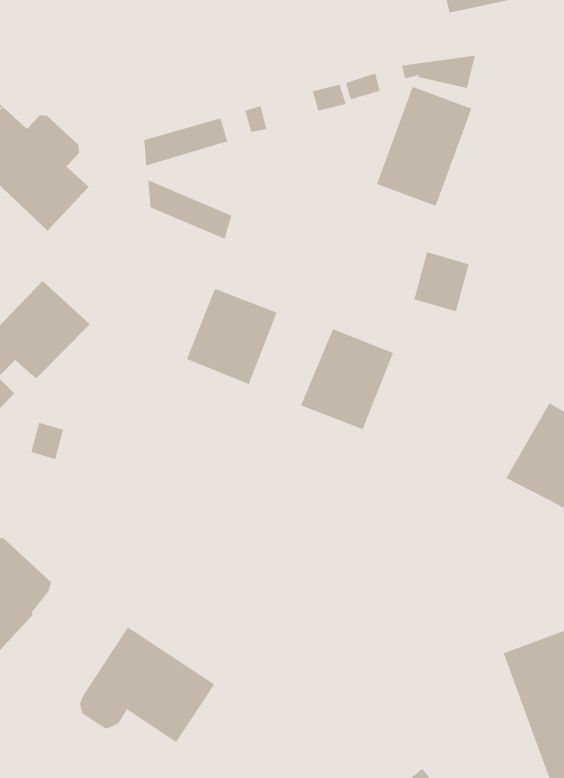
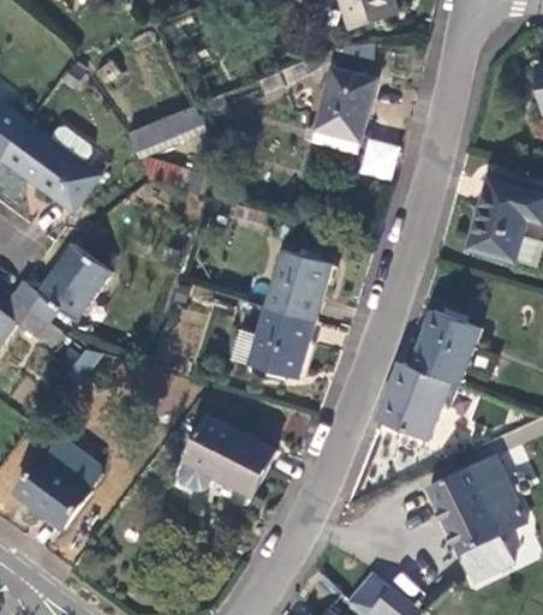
building: [413,252,469,312] -> [357,139,395,181]
building: [186,288,278,385] -> [251,318,315,387]
building: none -> [388,352,463,426]
building: [79,627,215,743] -> [173,417,272,498]

